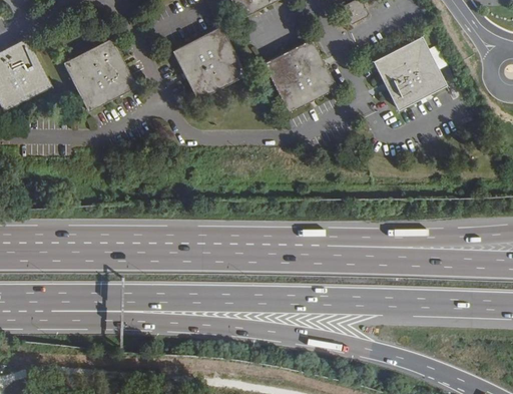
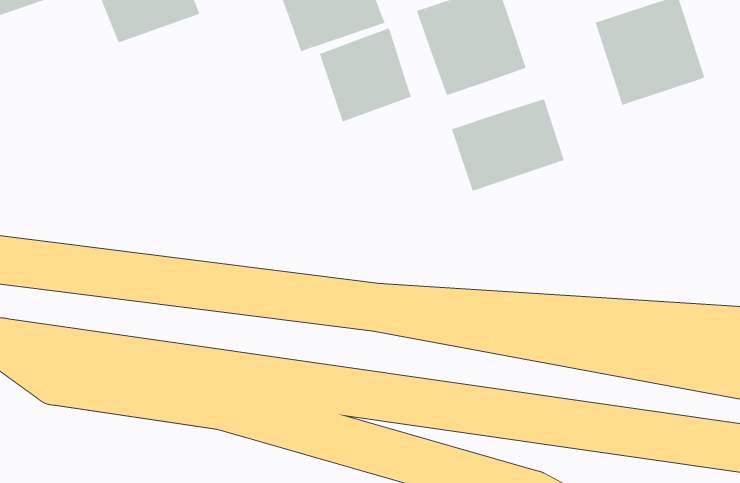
building: none -> [319,27,412,123]
building: none -> [451,98,565,192]

